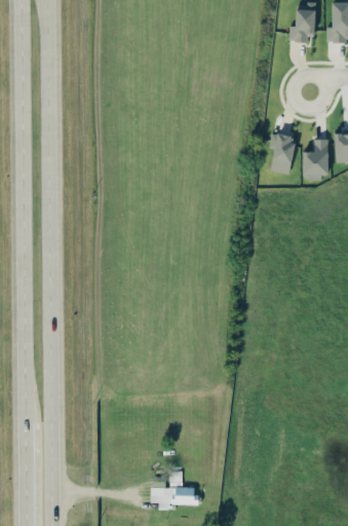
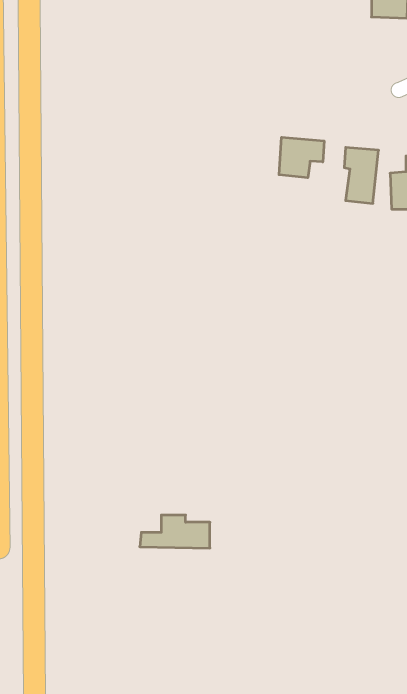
building: none -> [279,137,324,178]
building: [151,481,201,504] -> [140,515,210,548]

